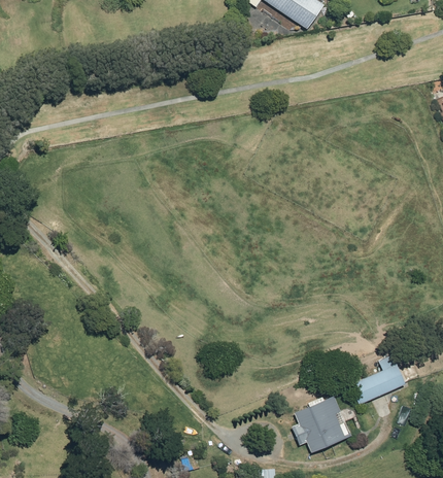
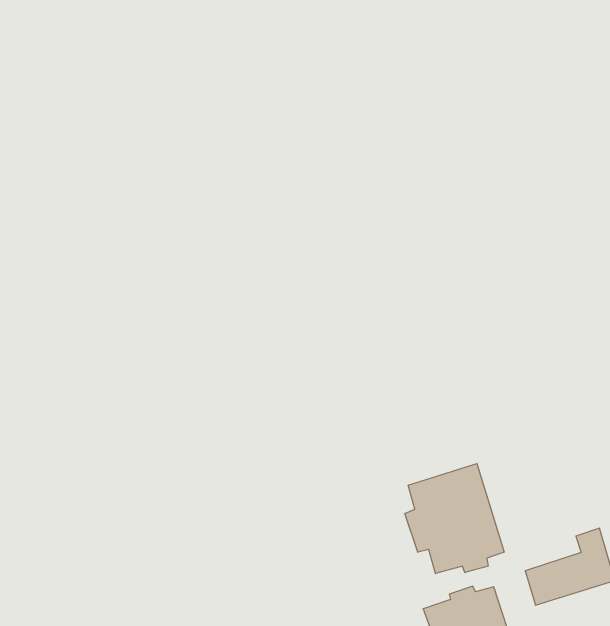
building: none -> [405,464,504,574]

